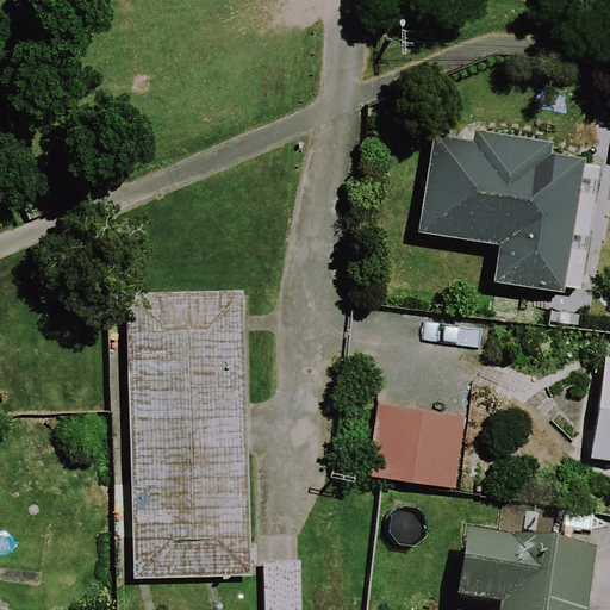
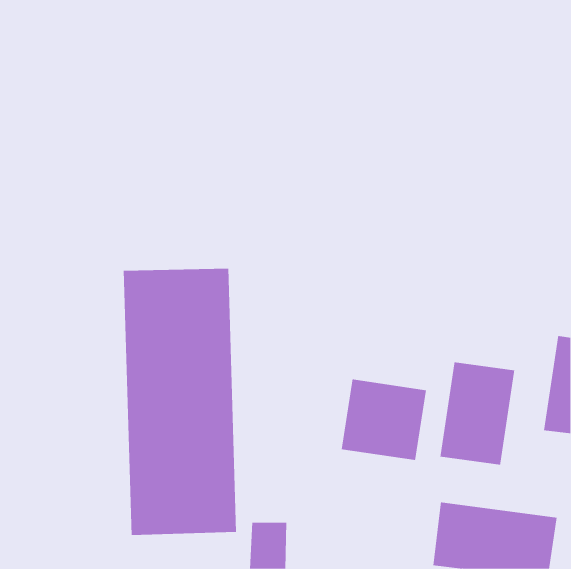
building: [410,132,599,298] -> none
building: none -> [440,362,515,465]

